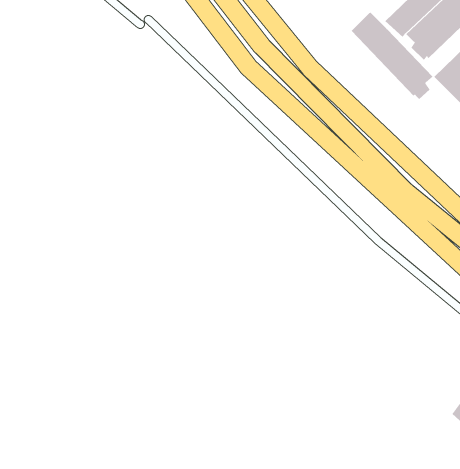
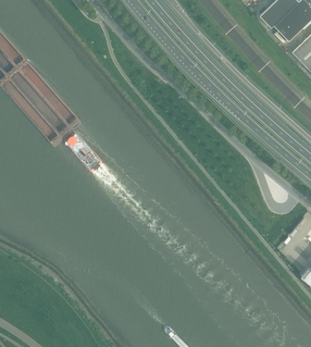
building: [351,11,434,100] -> none

